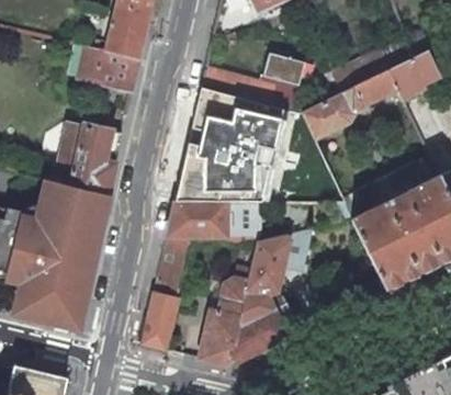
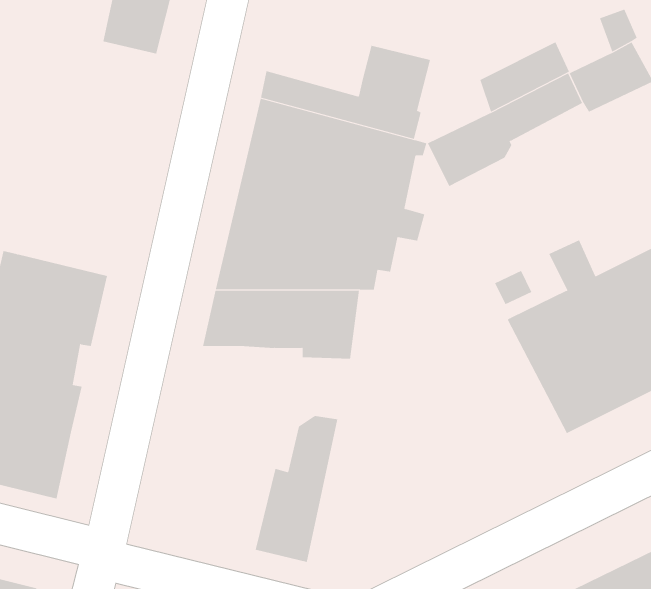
building: [78,46,139,92] -> none
building: [55,122,123,193] -> none
building: [143,236,192,350] -> none
building: [230,236,301,366] -> none

